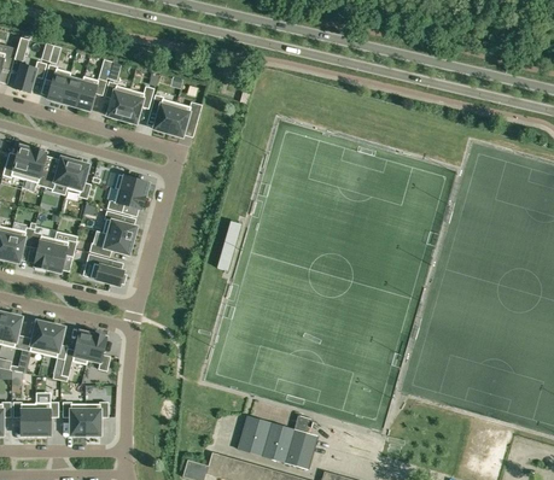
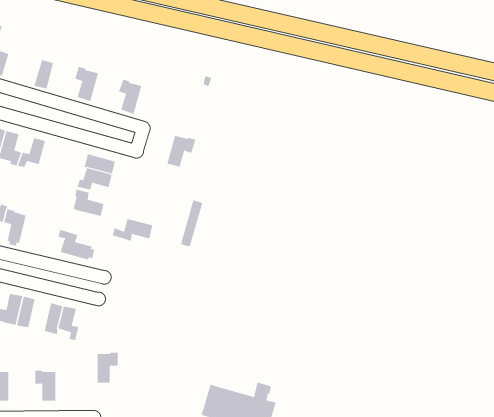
building: [45,64,71,103] -> none
building: [76,76,106,110] -> none
building: [122,86,153,123] -> none
building: [168,103,199,136] -> [166,135,196,167]
building: [66,160,91,199] -> none
building: [89,233,133,257] -> [112,218,153,241]
building: [47,239,76,271] -> none
building: [35,402,58,434] -> none
building: [86,402,109,434] -> [97,352,119,383]

